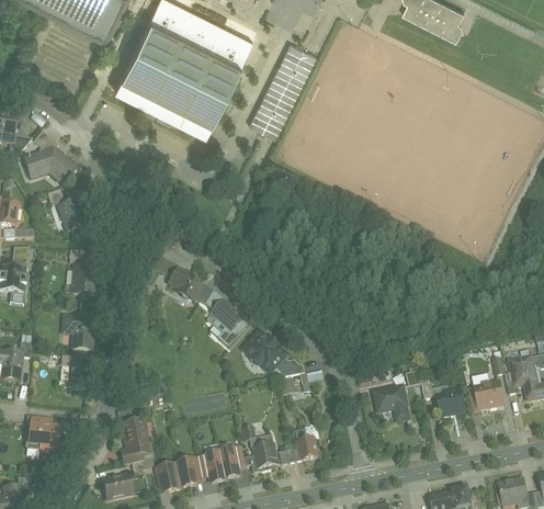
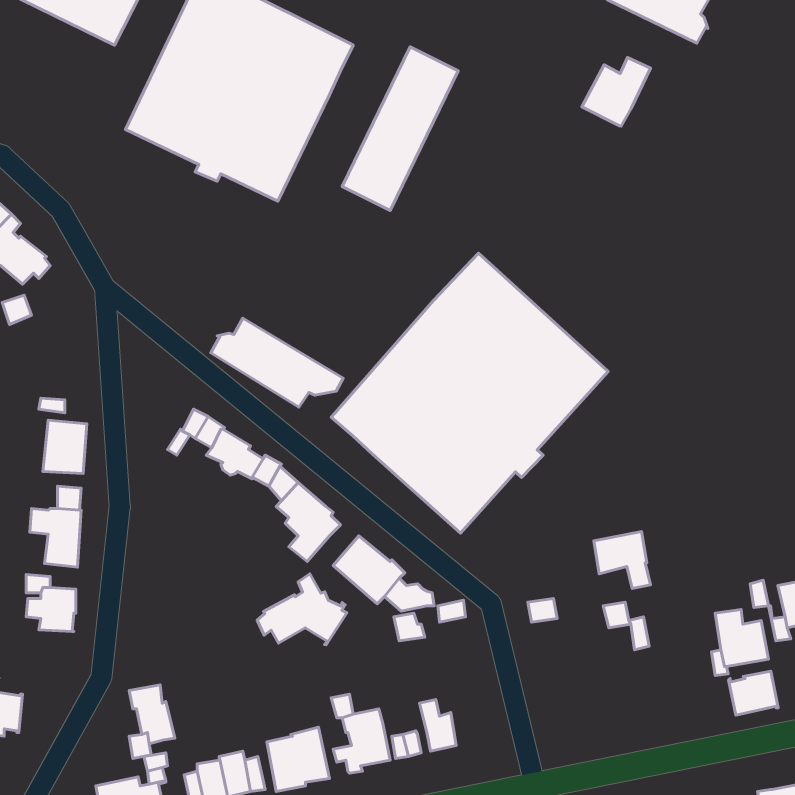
building: none -> [582,57,651,126]
building: none -> [331,253,608,533]
building: [57,197,88,230] -> none
building: none -> [211,318,343,407]
building: none -> [257,574,347,645]
building: [374,387,408,421] -> [594,531,651,588]
building: [435,391,465,417] -> [728,671,778,715]

